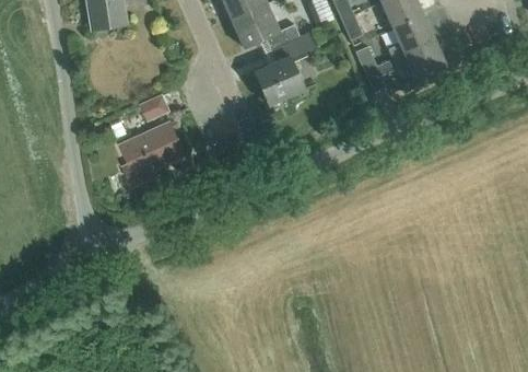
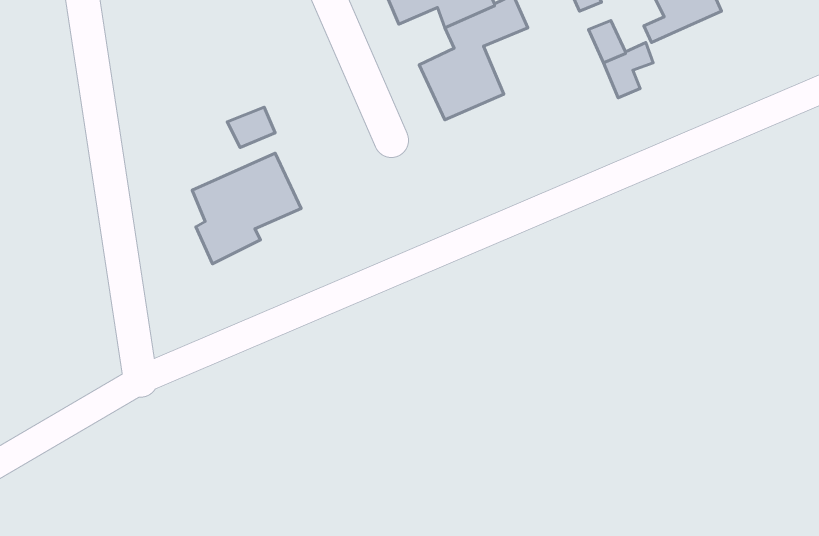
building: [404,39,446,79] -> none

